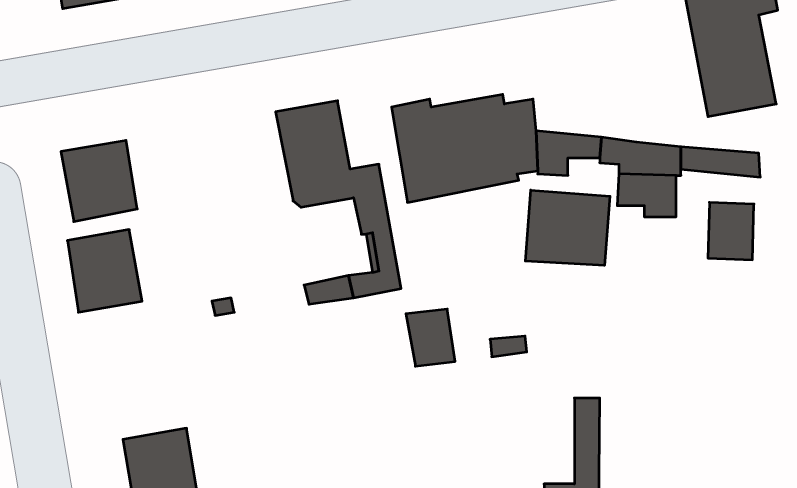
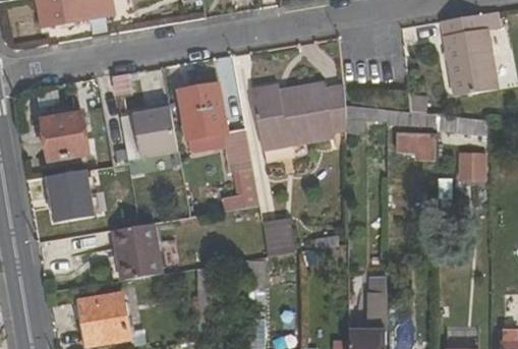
building: none -> [131,102,177,158]
building: [525,190,610,265] -> none
building: none -> [111,223,162,281]

